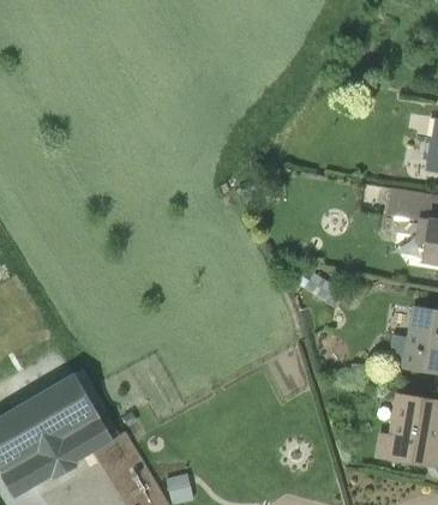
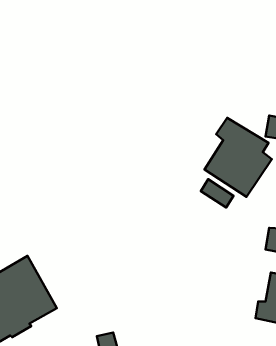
building: none -> [204,118,272,197]

